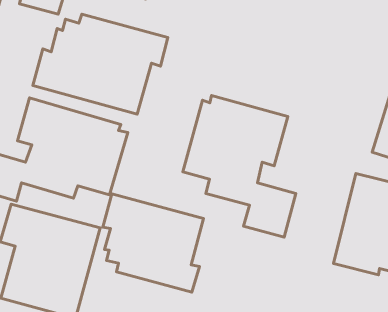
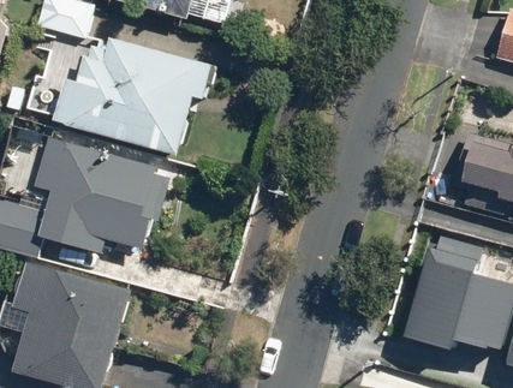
building: [183,96,296,237] -> none
building: [103,194,203,292] -> none

